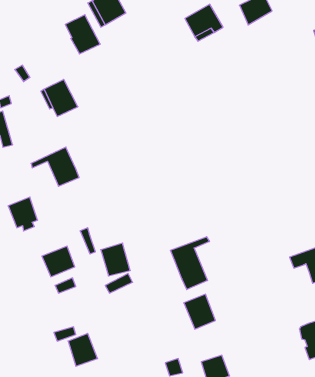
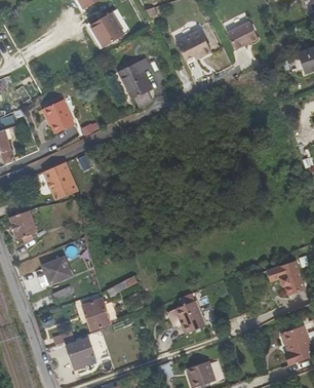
building: [65,15,100,54] -> [120,64,153,101]
building: [170,237,209,290] -> none
building: [101,243,130,276] -> [82,300,110,331]

